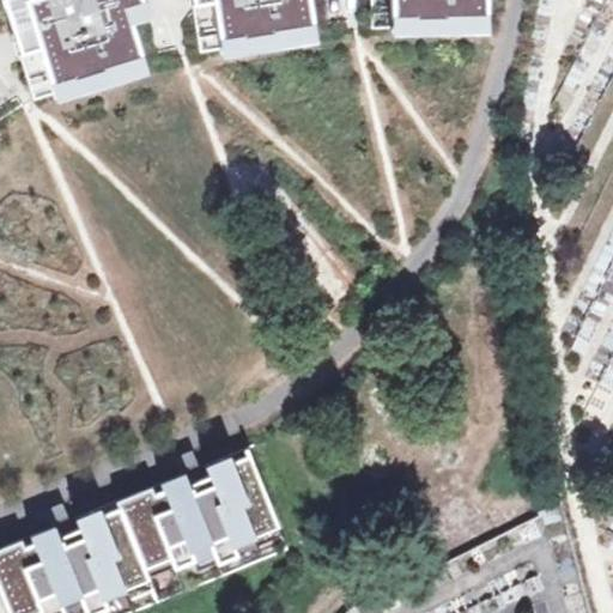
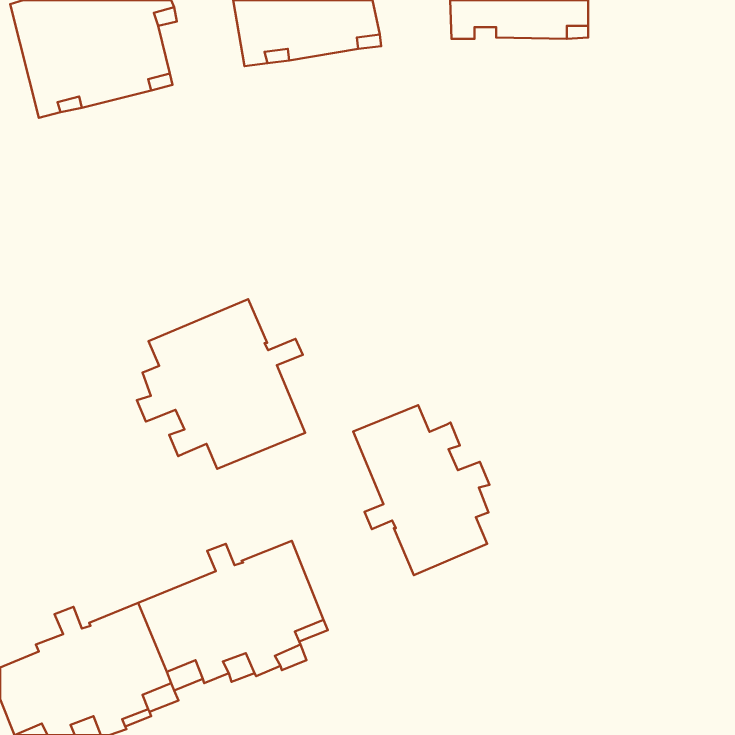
building: none -> [137,299,305,469]
building: none -> [353,405,489,575]

